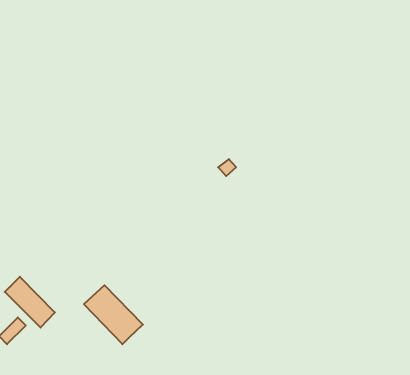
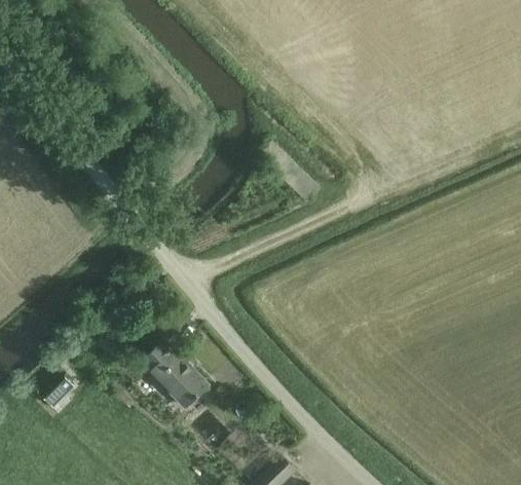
building: [5,277,55,328] -> none

